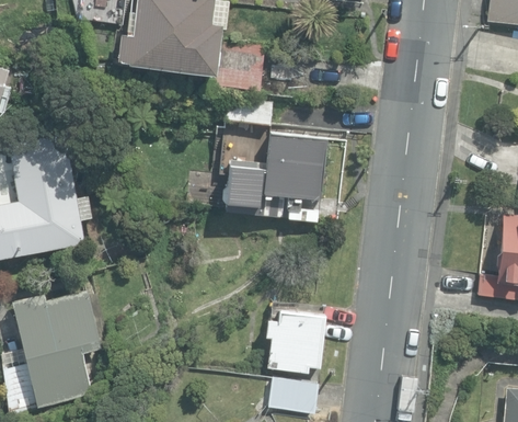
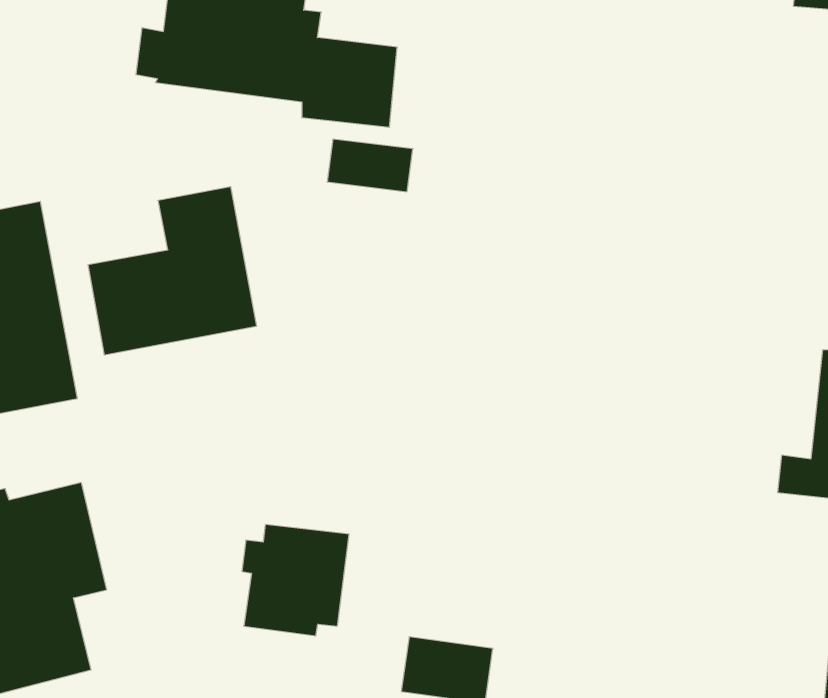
building: none -> [88,187,257,355]
building: [225,133,326,218] -> none
building: [265,310,325,373] -> [242,525,349,636]

